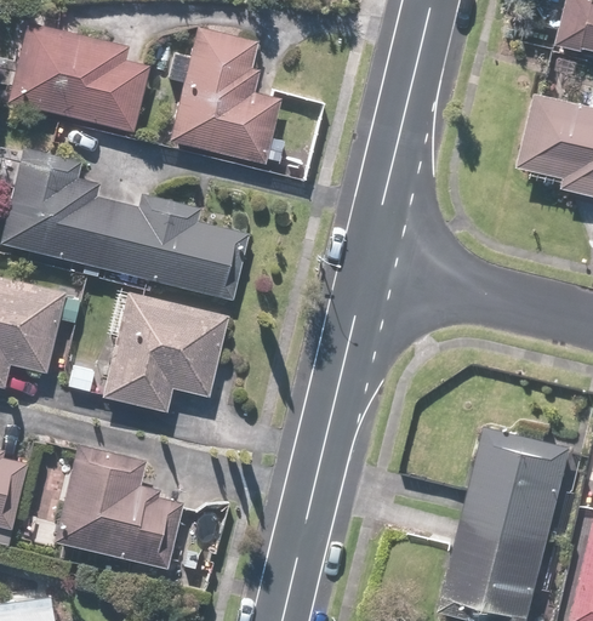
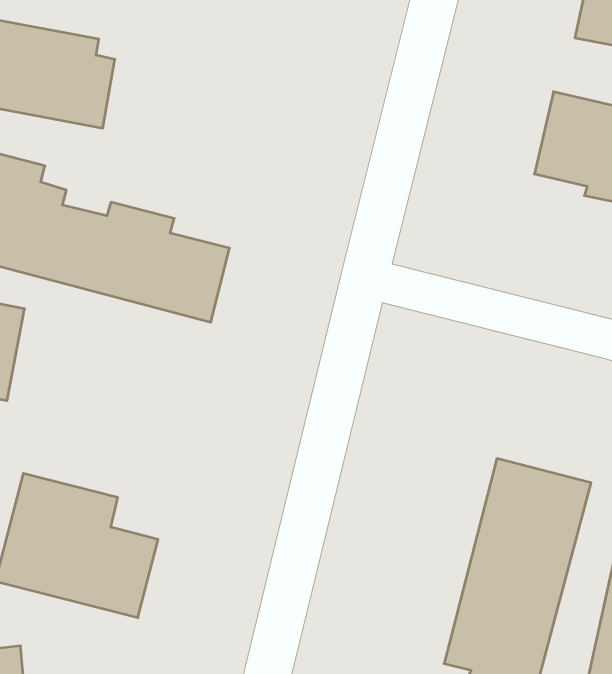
building: [167,28,285,165] -> none
building: [103,294,224,411] -> none

